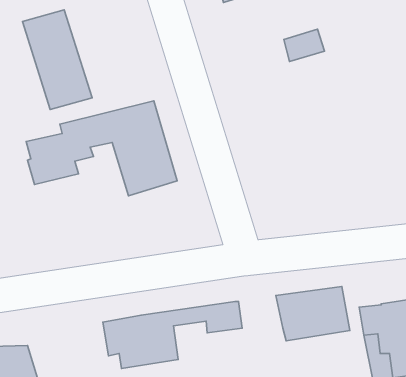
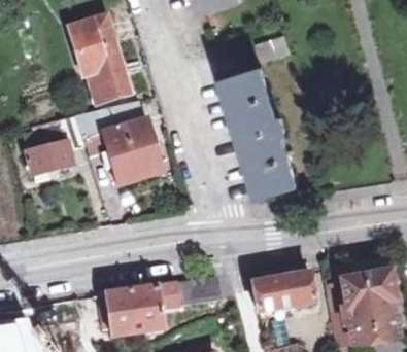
building: [22,10,92,110] -> [70,16,132,105]
building: none -> [223,71,295,197]

